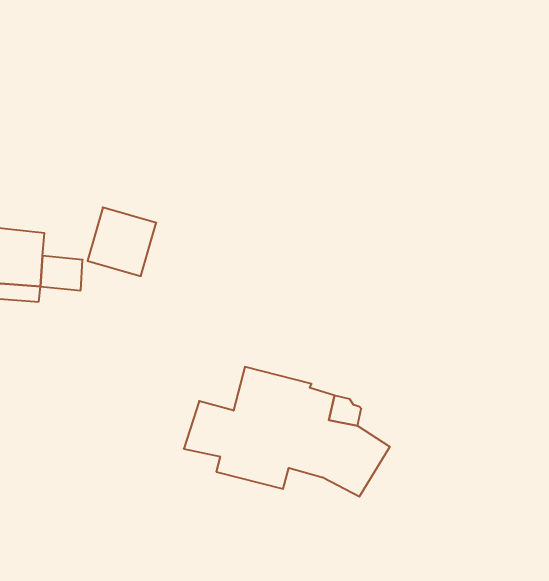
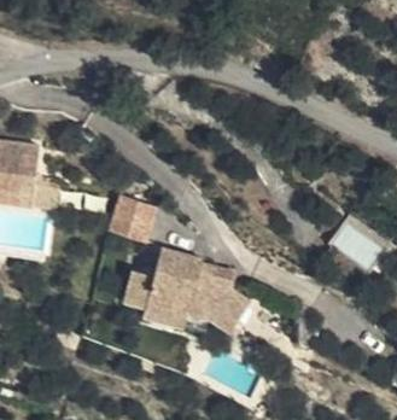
building: [88,207,156,276] -> [112,196,156,239]

